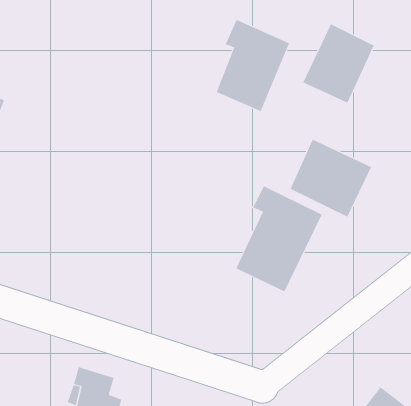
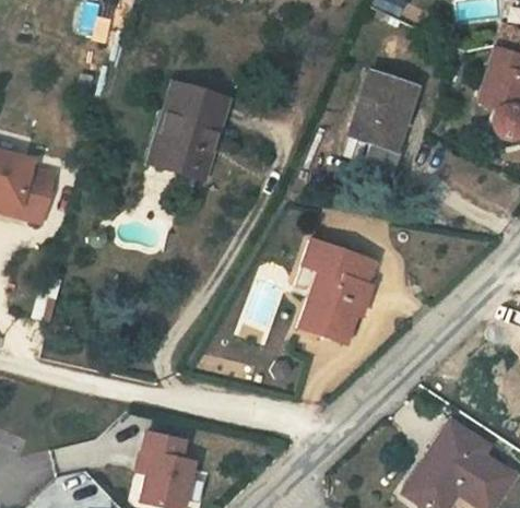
building: [216,19,290,112] -> [155,88,224,178]
building: [290,139,372,217] -> none

